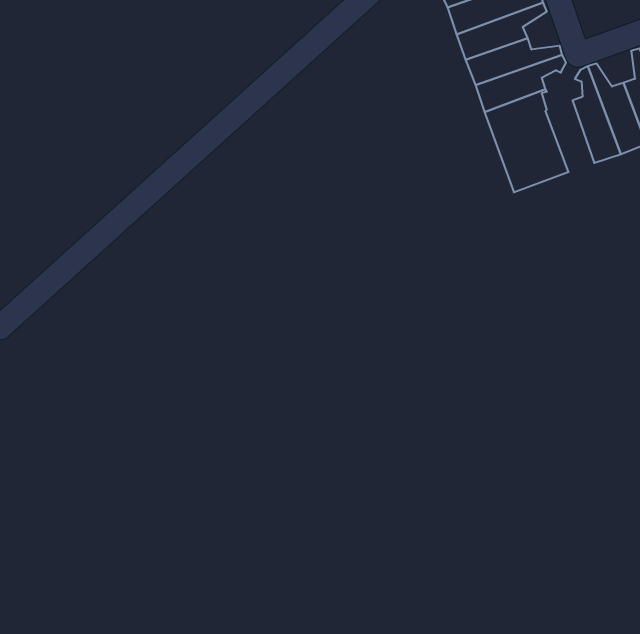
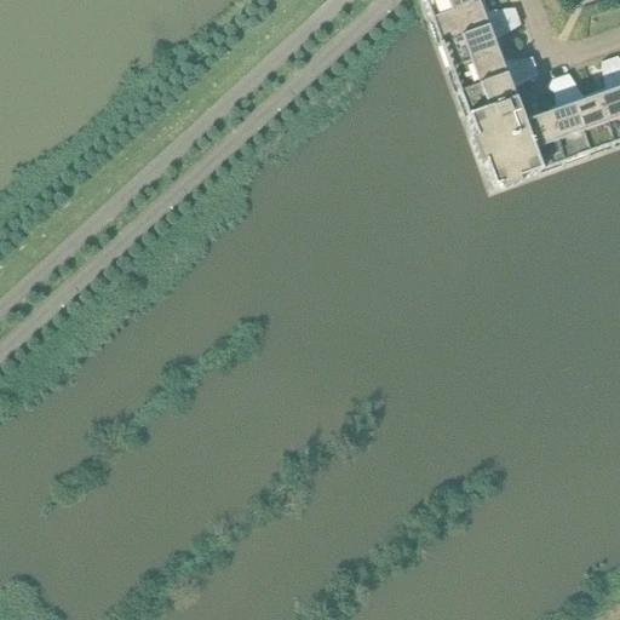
building: none -> [529,96,575,163]

